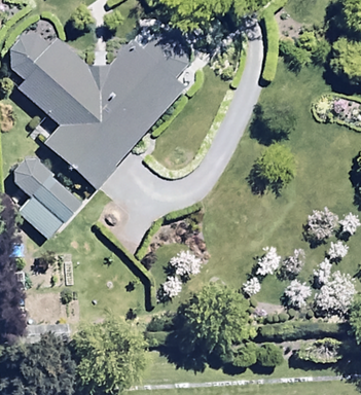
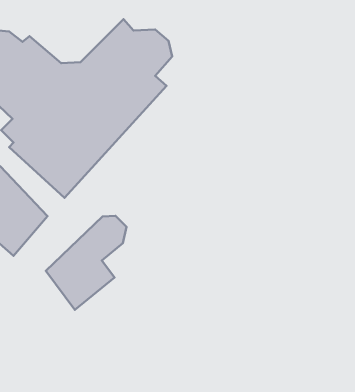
building: none -> [46,216,127,310]

